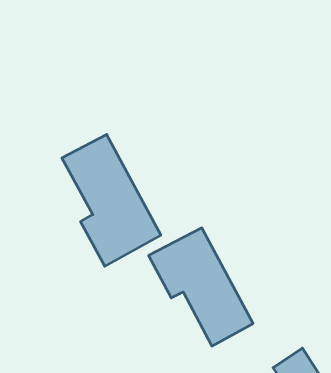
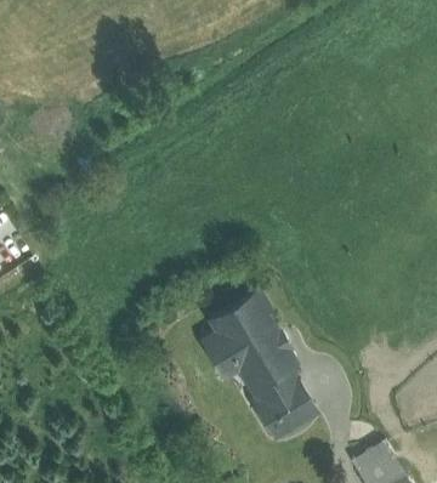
building: [62,134,161,266] -> none

